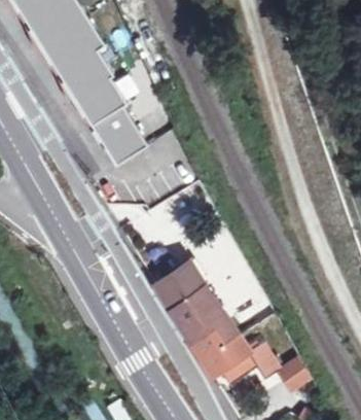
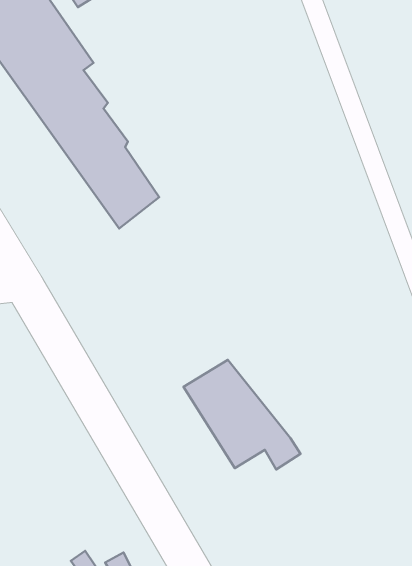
building: [204,326,293,378] -> none

